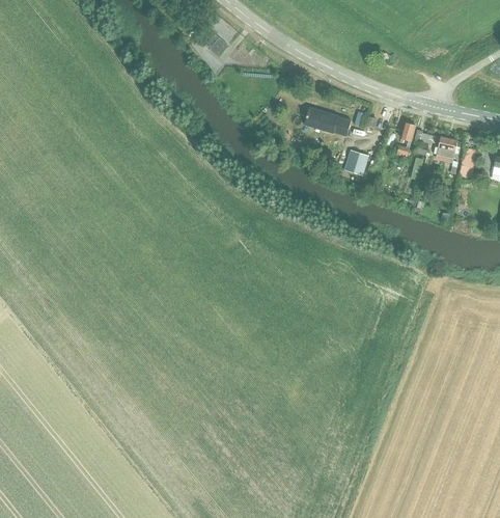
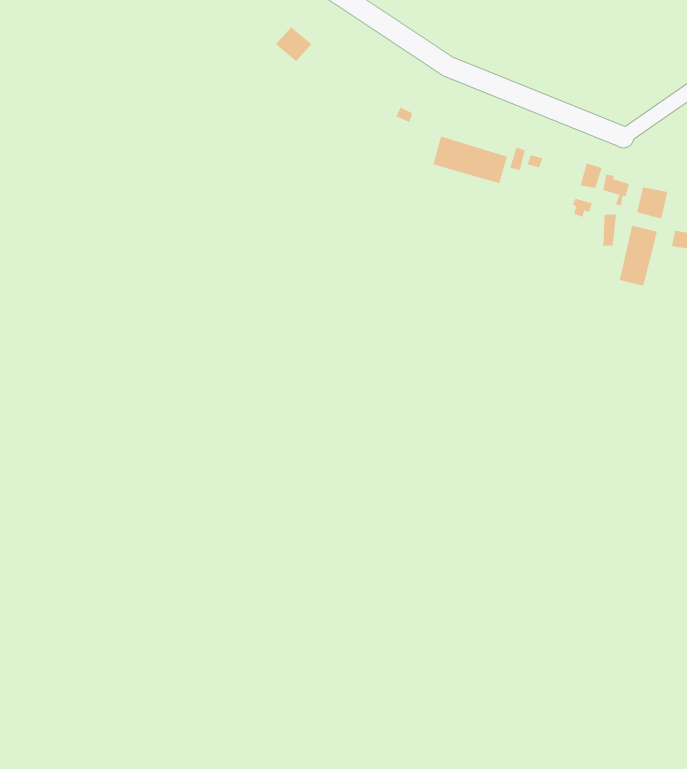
building: [345,153,369,178] -> none
building: none -> [619,225,657,286]

